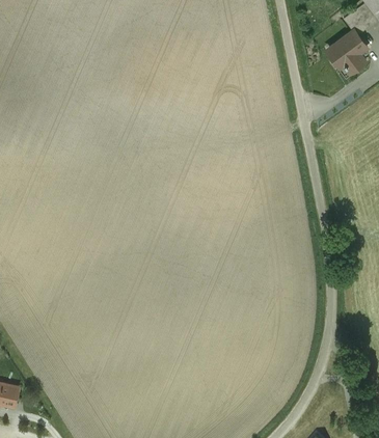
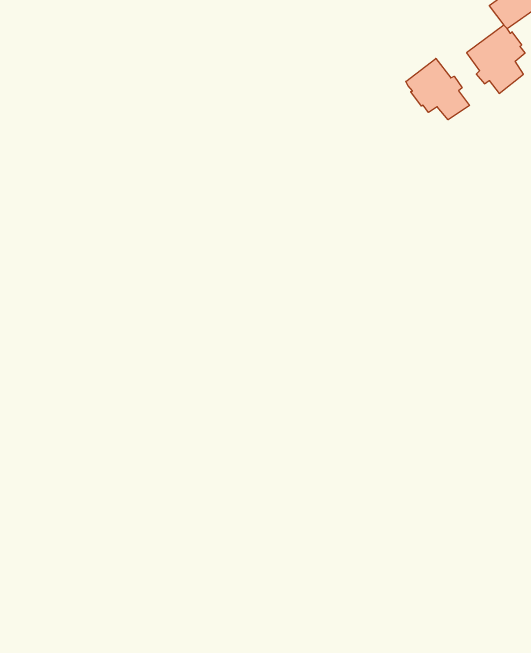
building: none -> [406,58,469,120]

